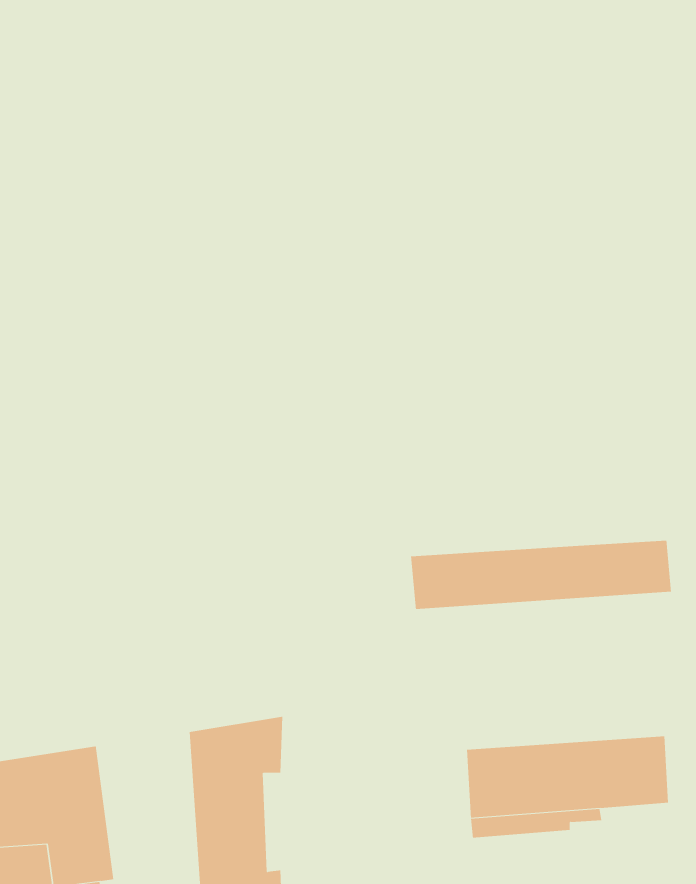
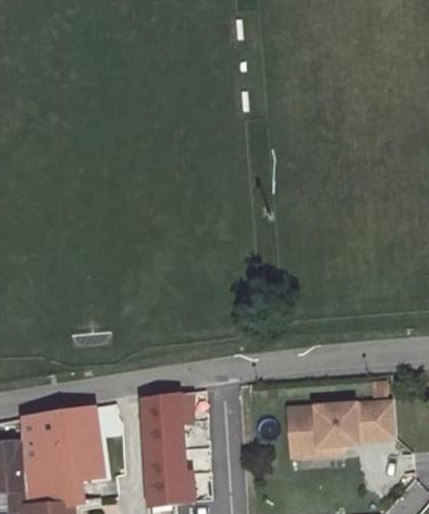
building: [411,540,671,610] -> none

